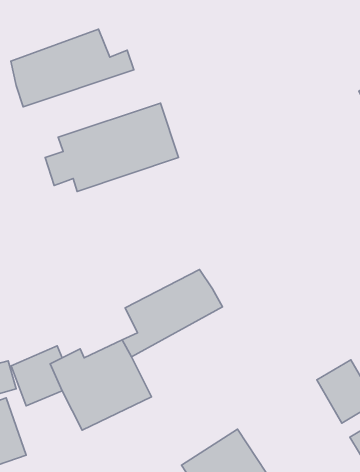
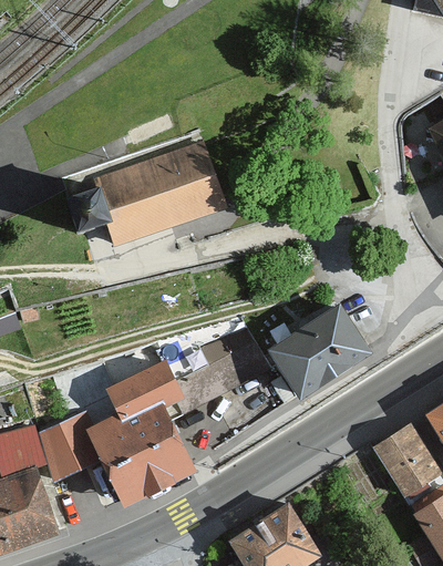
building: [11,29,134,107] -> none
building: none -> [261,305,364,395]
building: none -> [104,362,178,424]

